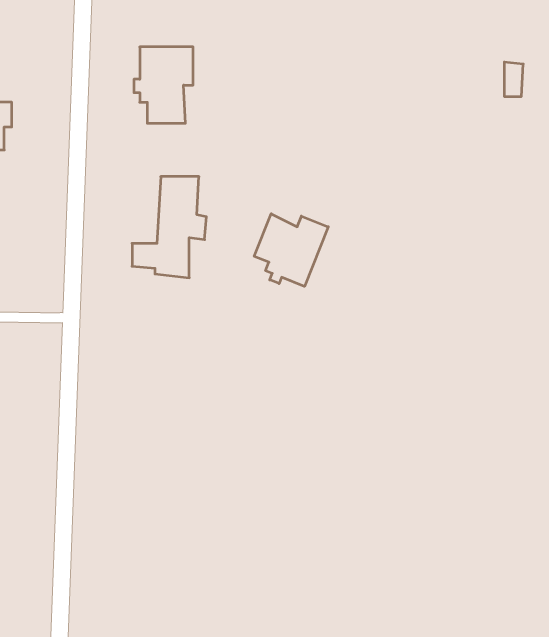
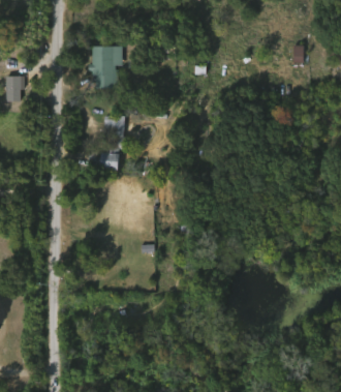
building: [254,214,328,286] -> none

